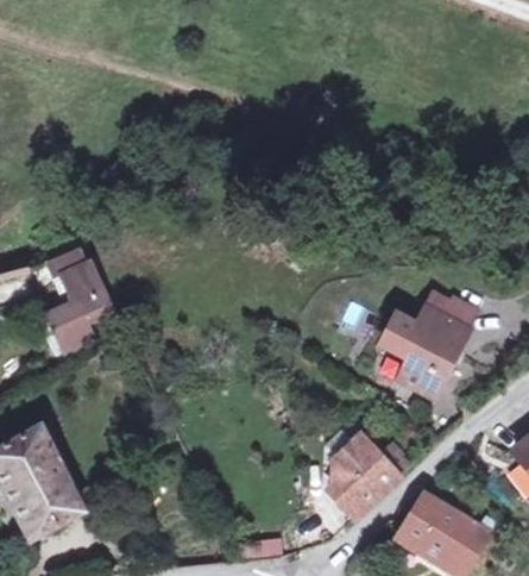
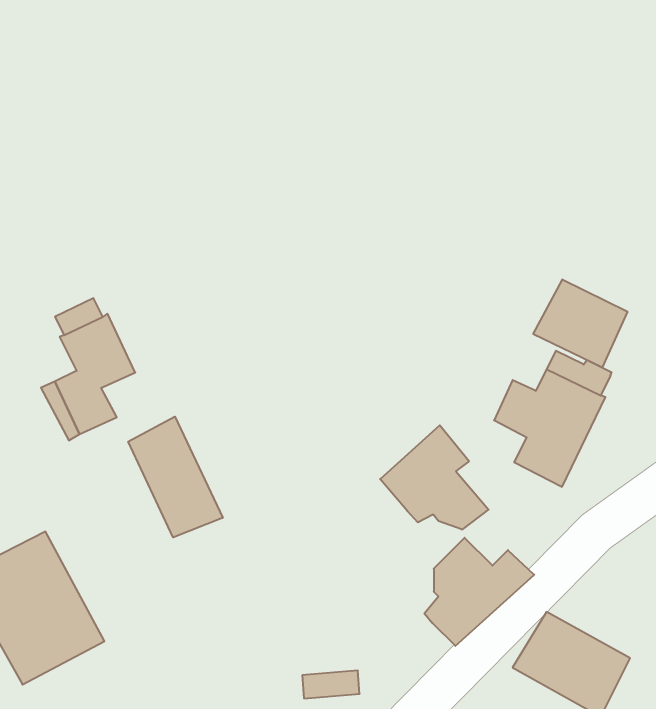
building: none -> [533,279,627,368]
building: none -> [128,417,223,537]
building: none -> [380,425,489,530]

